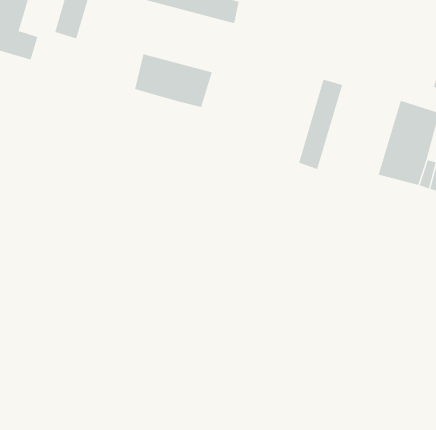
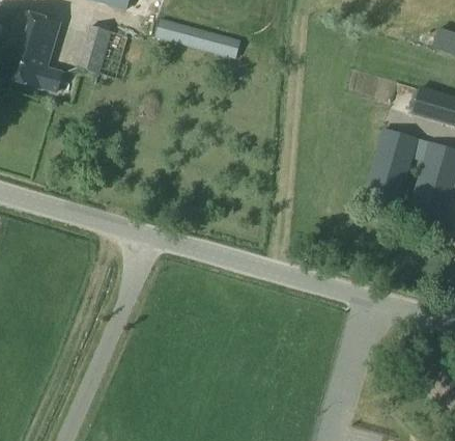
building: [134,53,213,108] -> none
building: [298,79,343,170] -> none

